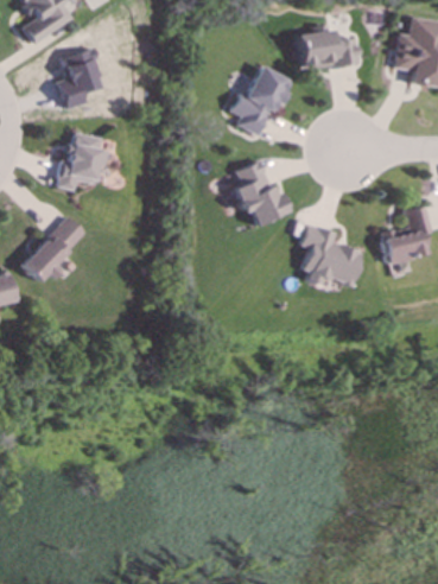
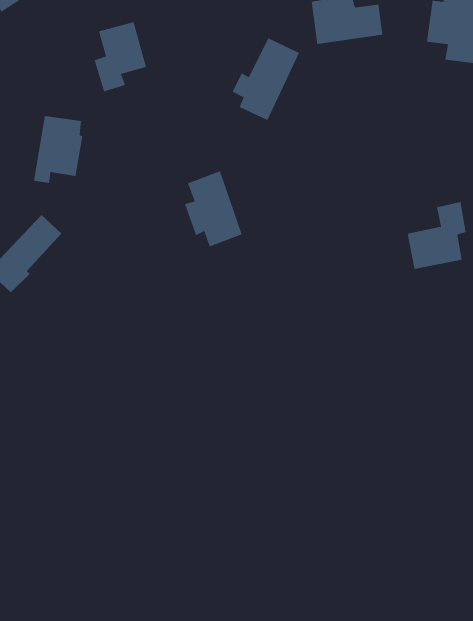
building: [57,49,102,109] -> [94,21,147,92]
building: [231,159,281,224] -> [184,171,243,247]
building: [299,223,360,286] -> none

